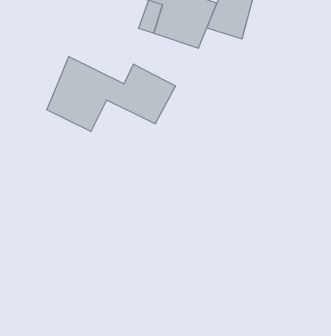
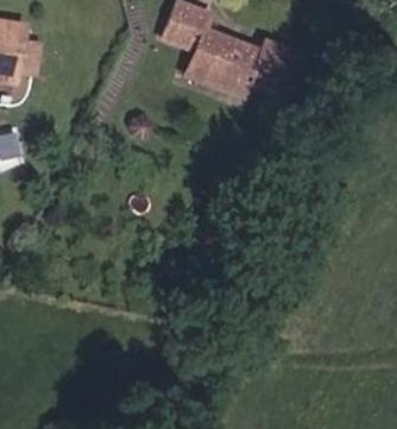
building: [47,56,176,132] -> none

